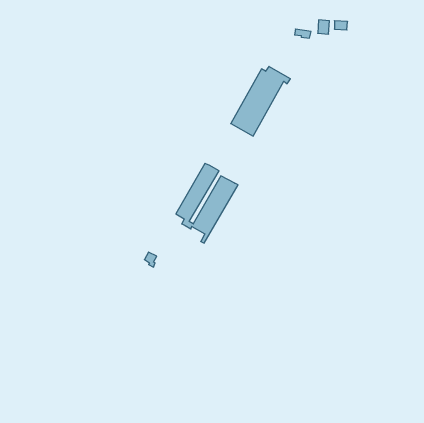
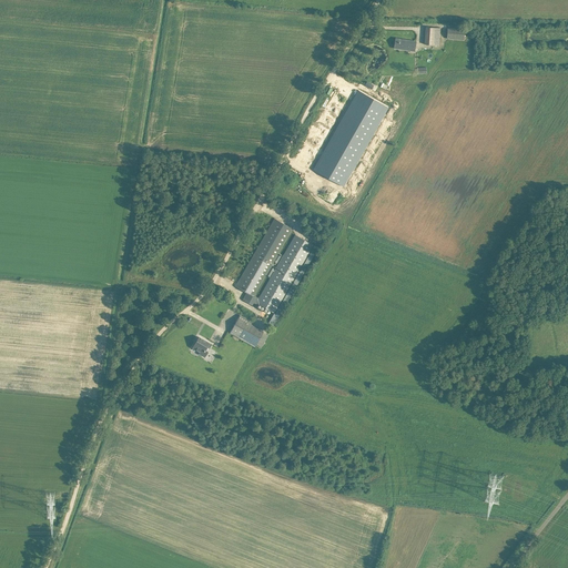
building: none -> [230,316,263,347]

